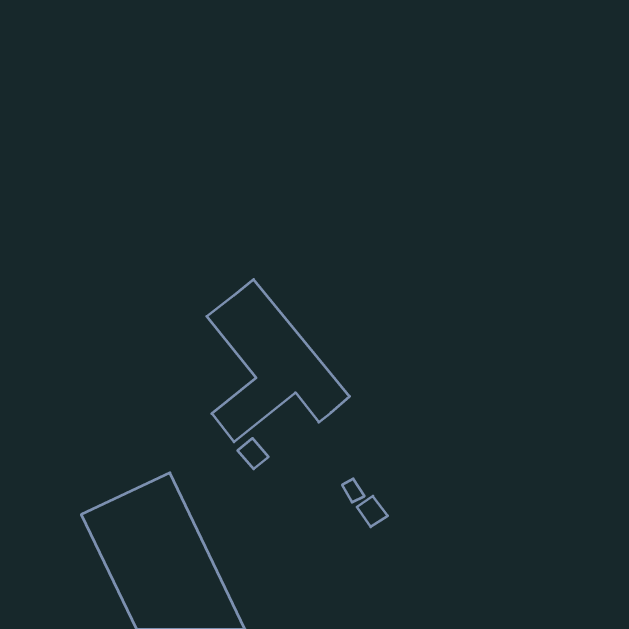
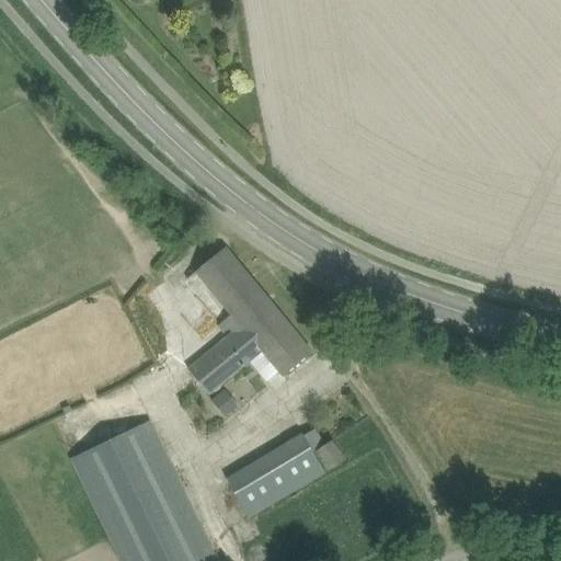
building: none -> [225,433,325,518]

